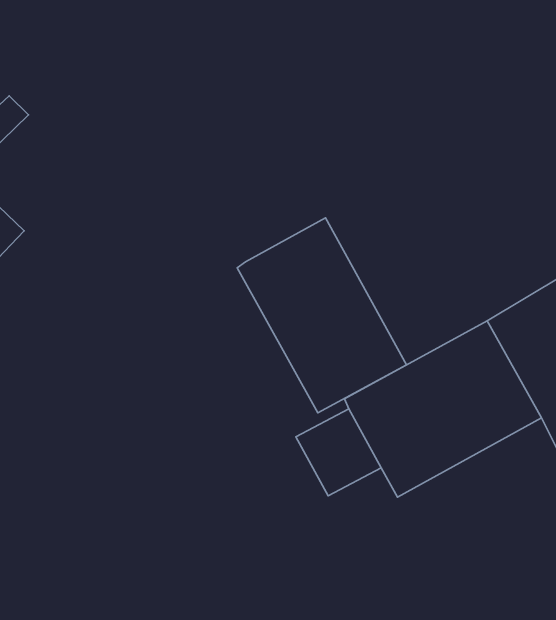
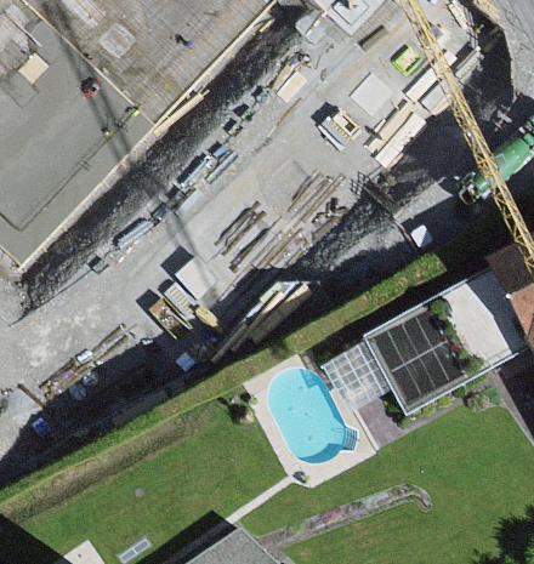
building: [237,218,406,413] -> none

